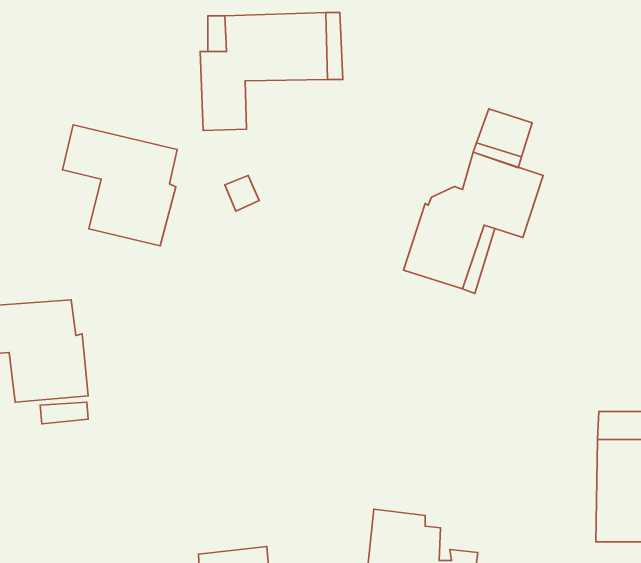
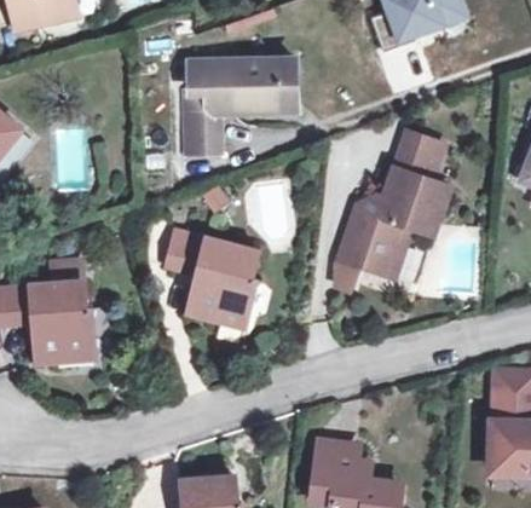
building: [62,125,177,246] -> [167,231,256,325]

